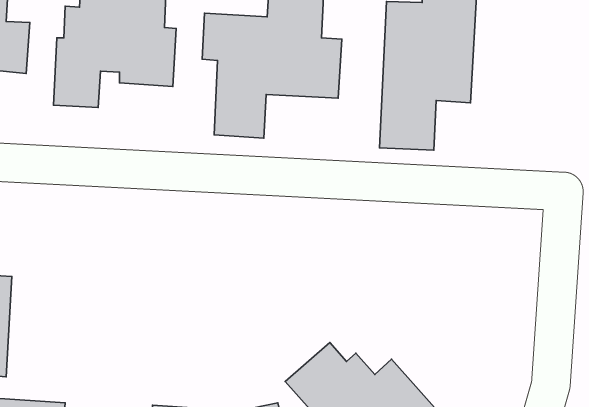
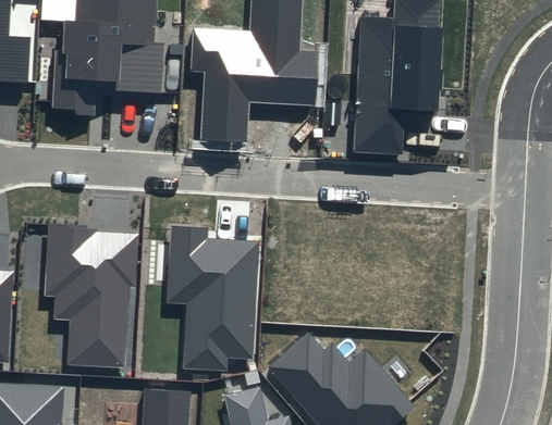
building: none -> [42,224,138,367]
building: none -> [167,226,258,370]

